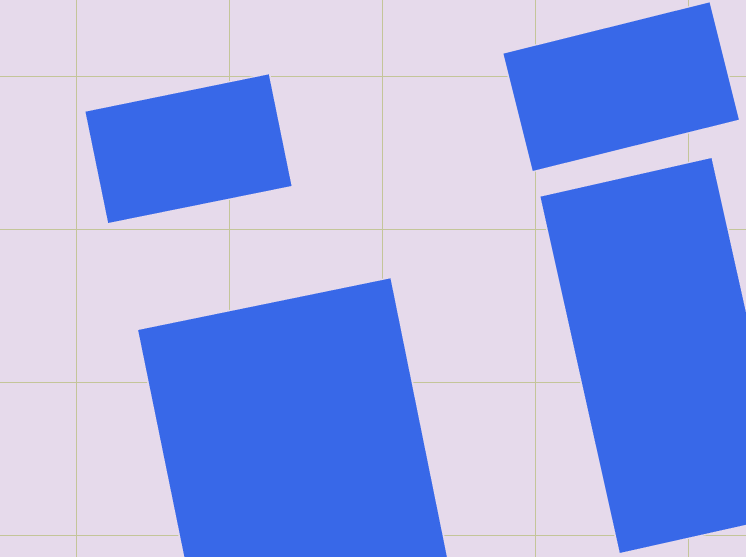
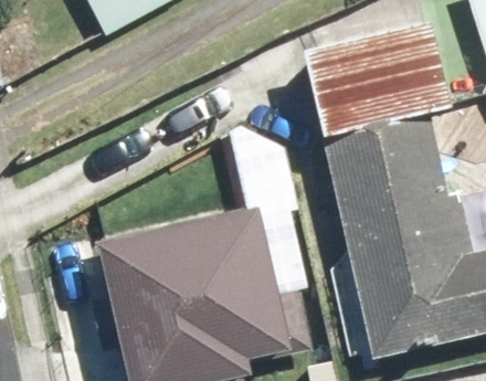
building: [85,74,292,224] -> none

